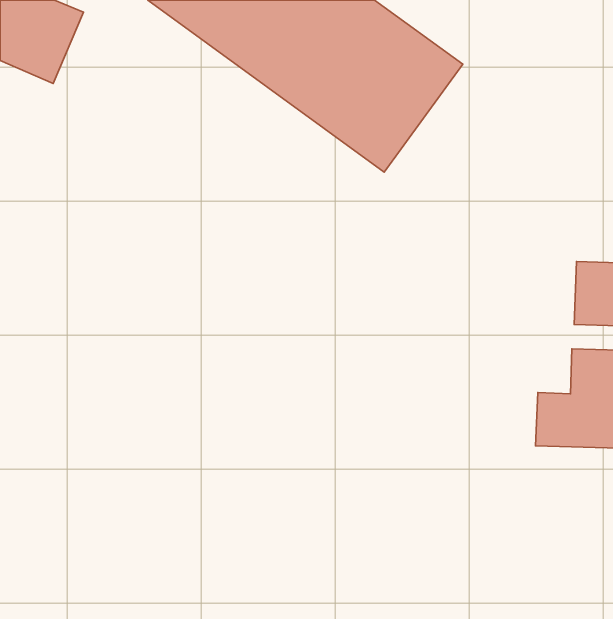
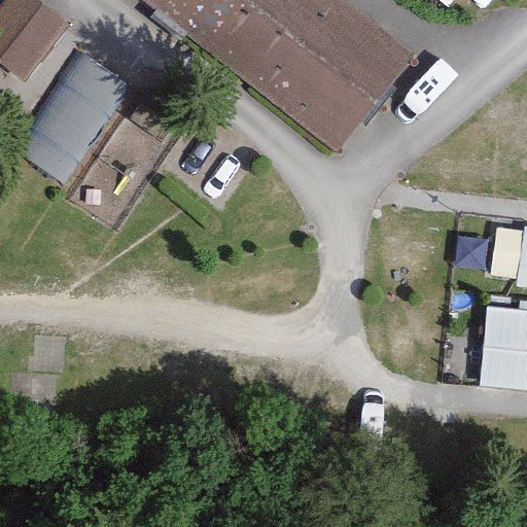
building: none -> [20,52,137,174]

